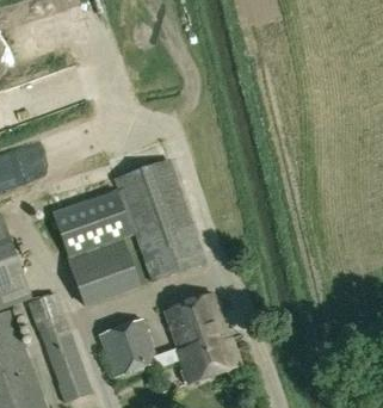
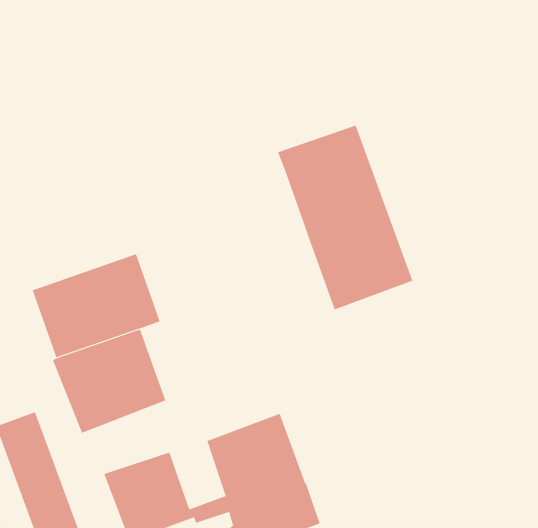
building: [116,159,204,279] -> [277,125,413,310]

